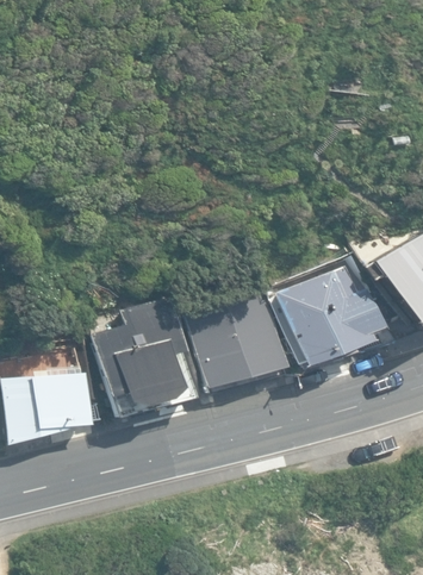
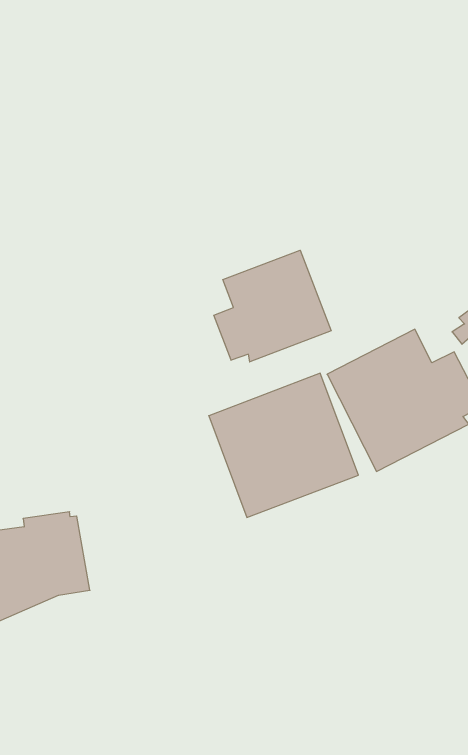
building: none -> [214,250,331,362]
building: [91,294,194,417] -> none

